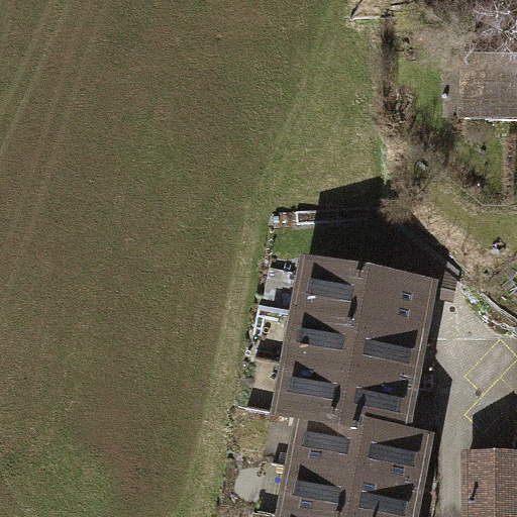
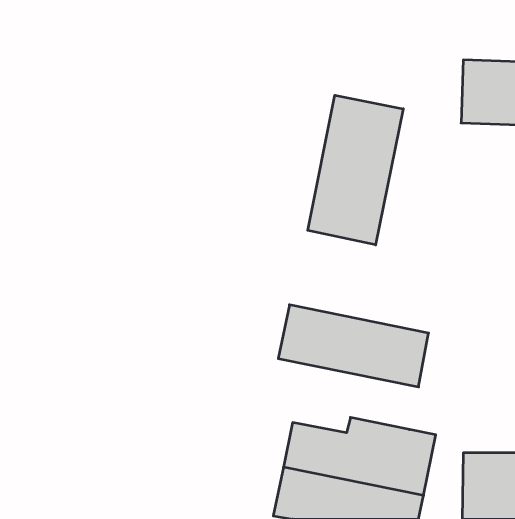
building: none -> [308,95,403,245]
building: [292,252,441,331] -> none
building: [269,356,420,430] -> none

